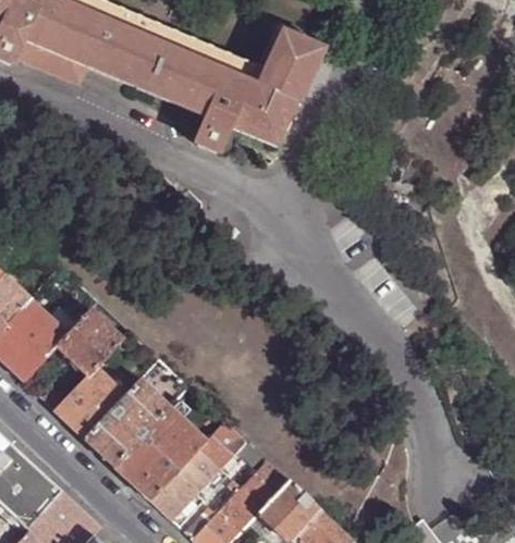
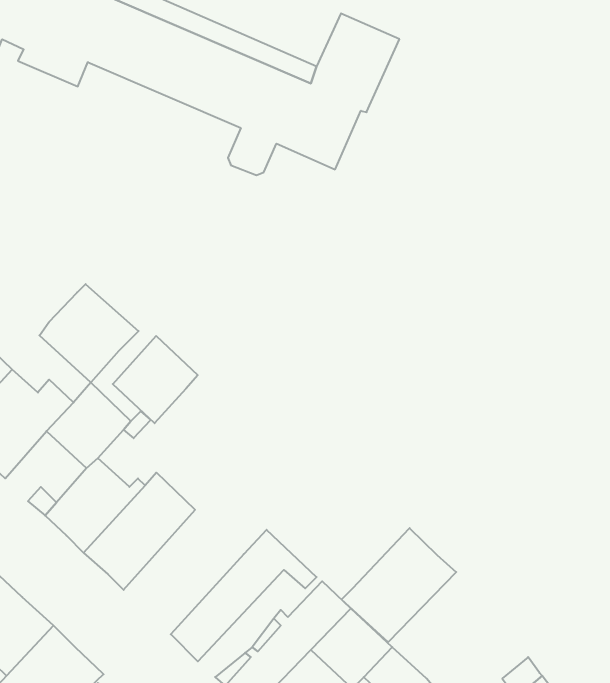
building: none -> [39,284,139,383]
building: none -> [113,336,198,423]
building: [114,406,206,501] -> none
building: none -> [342,528,456,642]

